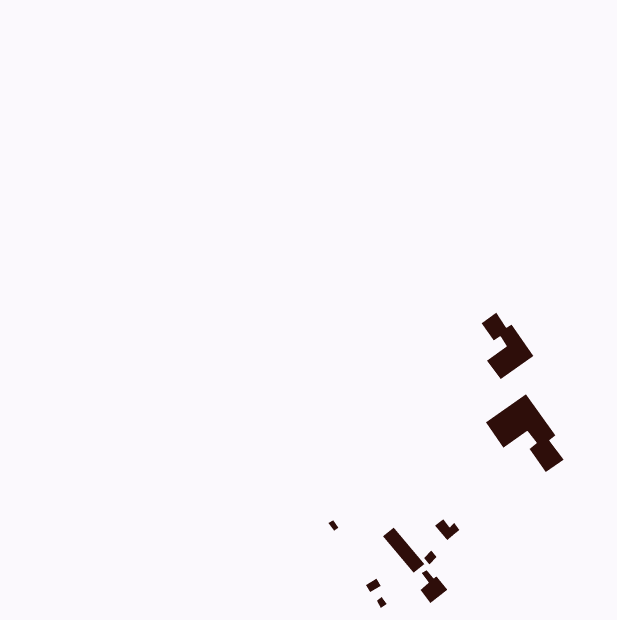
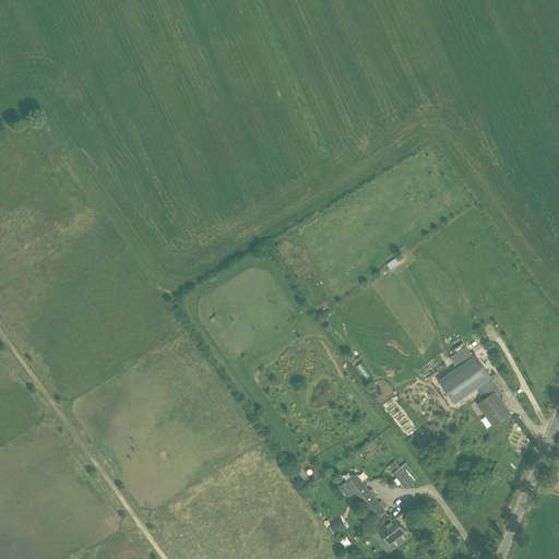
building: [481,312,535,380] -> none

